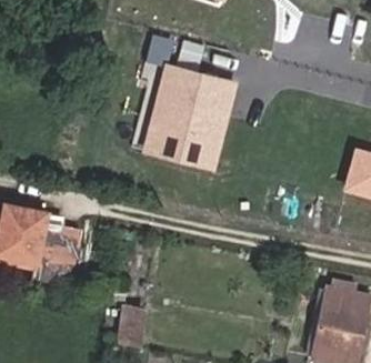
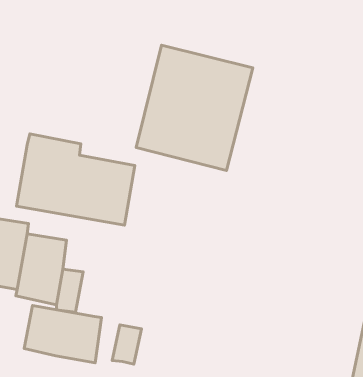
building: none -> [16,134,135,225]
building: none -> [24,306,102,363]

